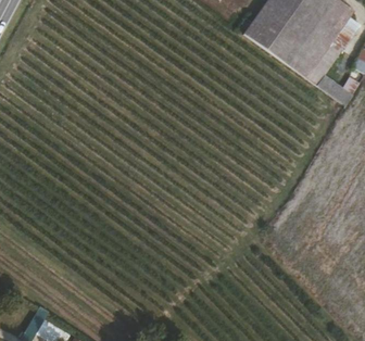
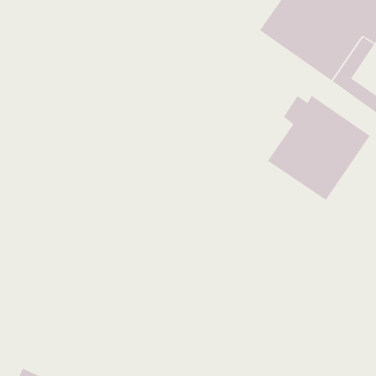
building: none -> [267,95,371,201]

